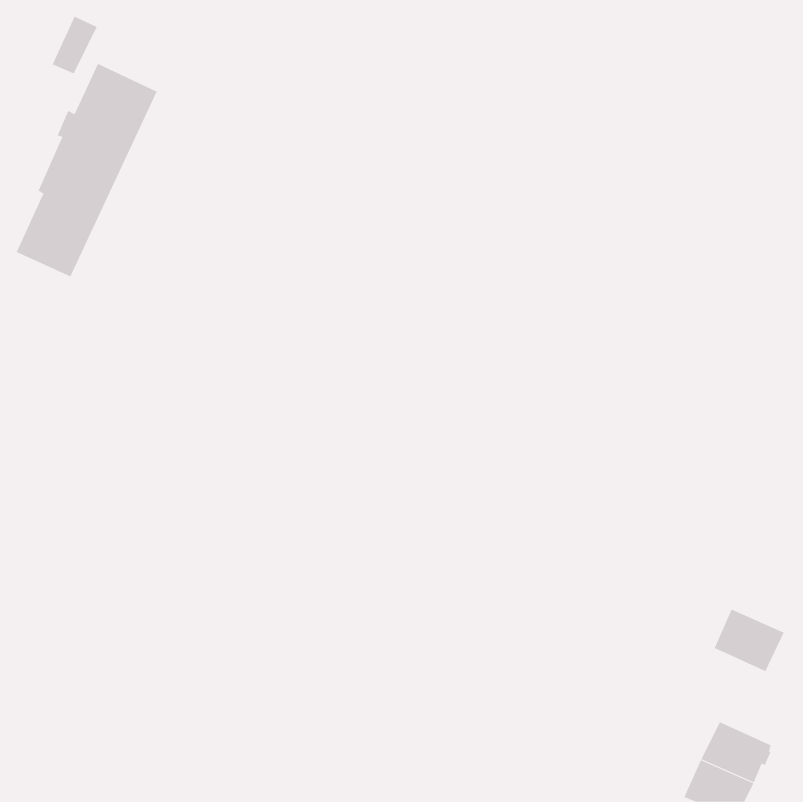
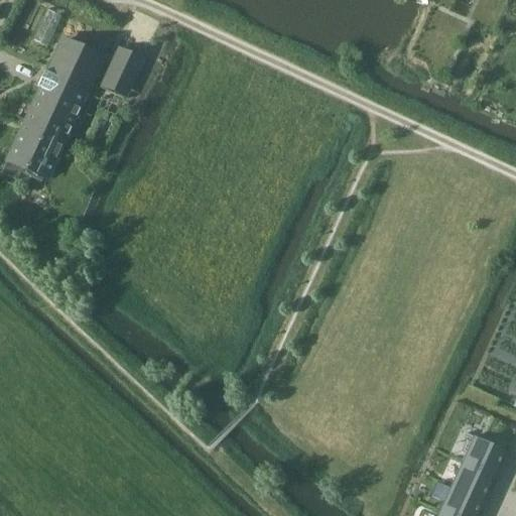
building: none -> [106,48,141,87]
building: [714,609,785,672] -> [461,436,506,477]

